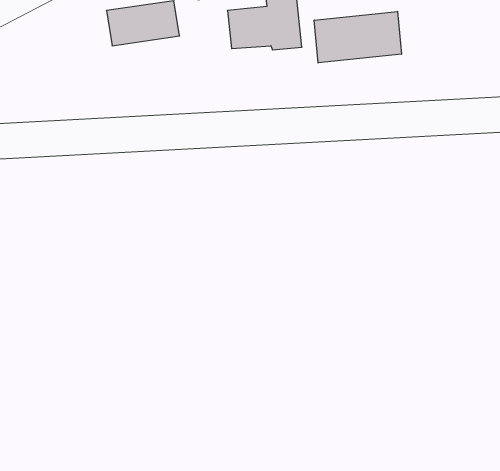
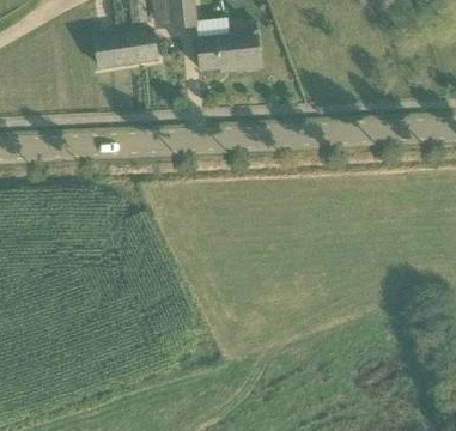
building: [314,11,401,63] -> none

